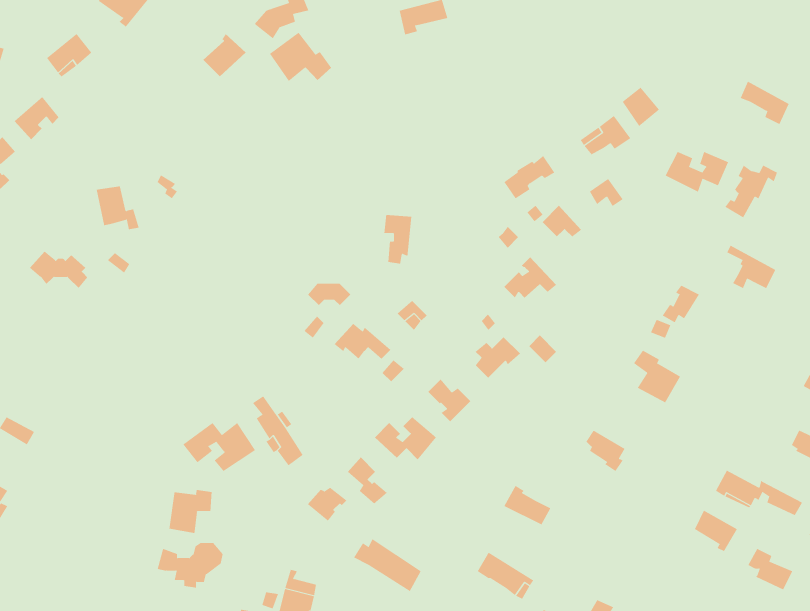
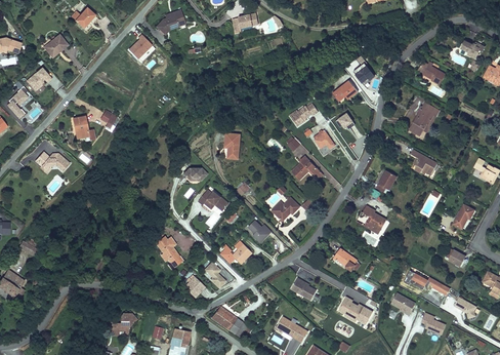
building: [269,32,332,82] -> none
building: [665,151,729,193] -> none
building: [182,422,256,472] -> none
building: [169,489,212,534] -> none
building: none -> [338,295,373,322]

